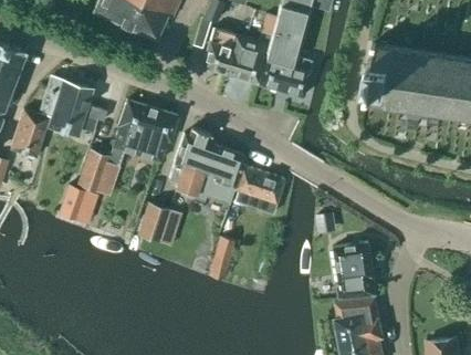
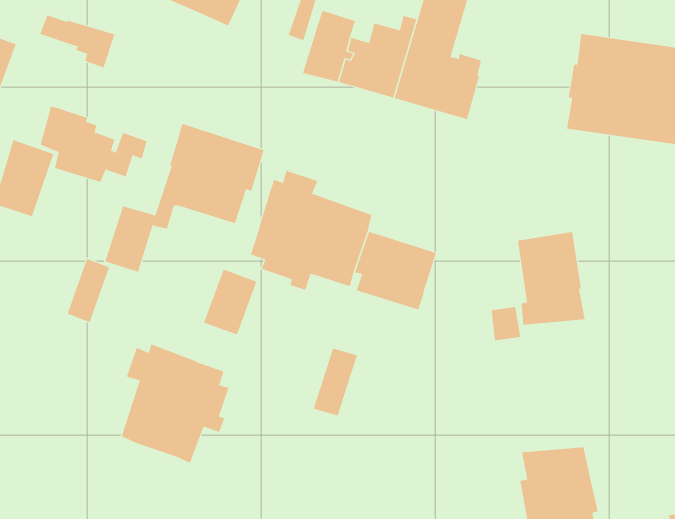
building: [46,77,93,111] -> [40,14,115,68]
building: none -> [121,343,229,463]
building: [335,243,377,301] -> [517,232,585,325]

